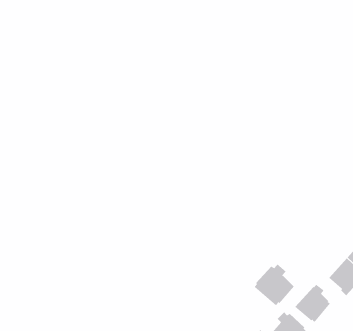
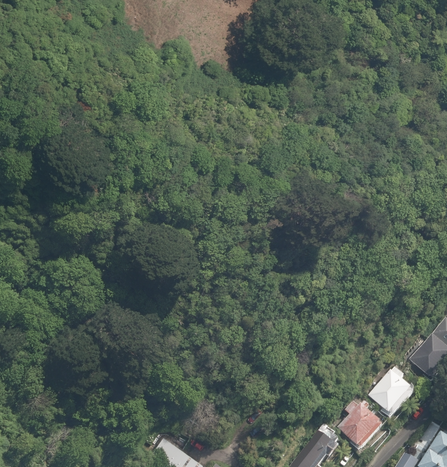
building: [254,264,294,306] -> none

